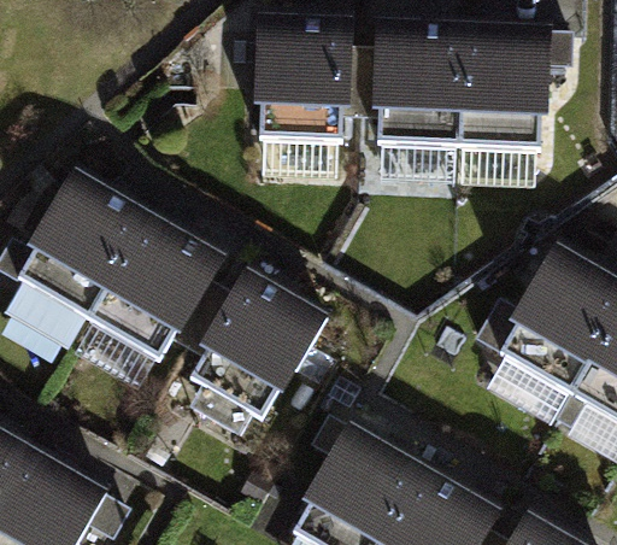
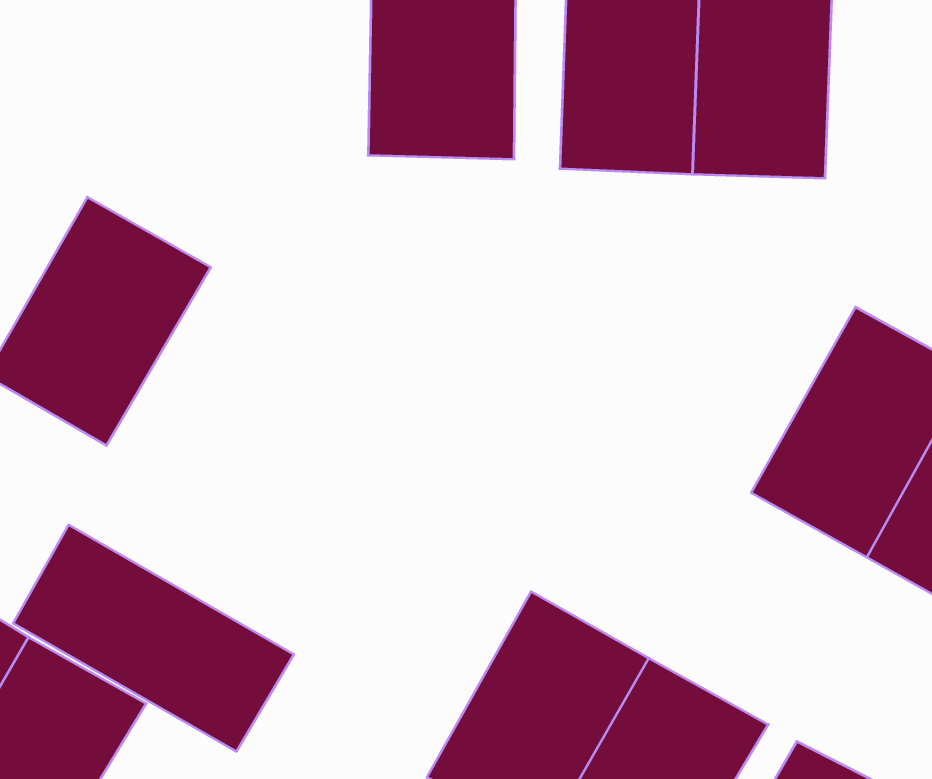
building: [83,215,227,373] -> none
building: [180,269,325,427] -> none
building: none -> [13,525,294,751]

